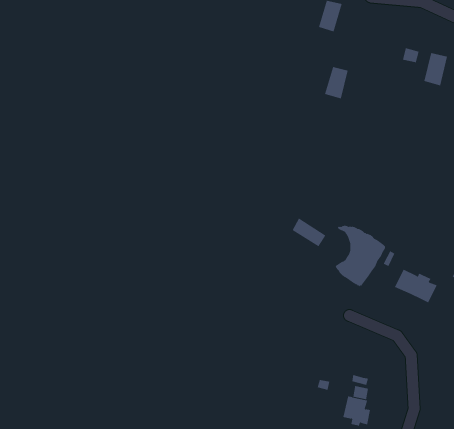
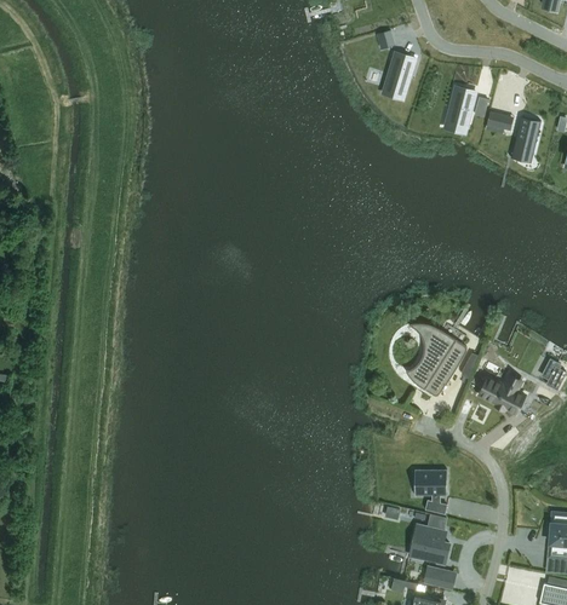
building: [324,67,349,99] -> [446,88,475,127]
building: [292,218,326,247] -> none
building: none -> [414,471,445,495]

